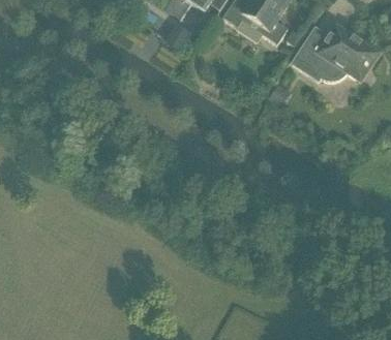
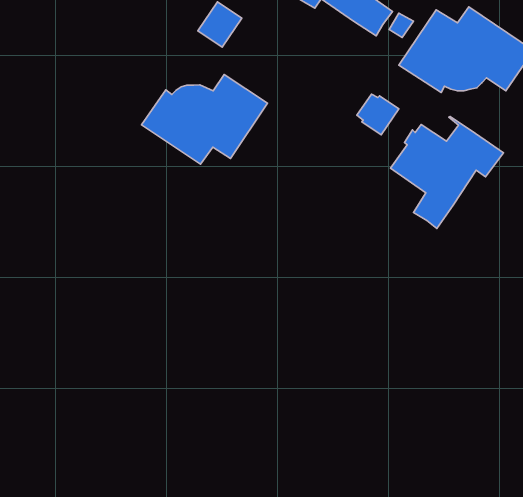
building: none -> [142,74,268,164]
building: none -> [391,117,504,229]

